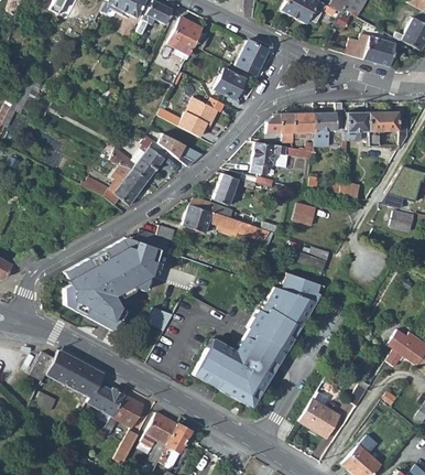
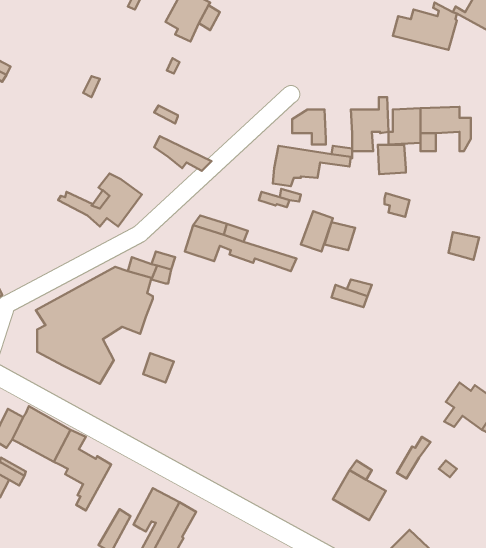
building: [235,40,266,74] -> none
building: [214,67,244,99] -> none
building: [178,97,225,137] -> none
building: [292,112,314,136] -> [378,145,406,174]
building: [110,133,168,180] -> none
building: [212,172,238,204] -> [301,211,333,251]
building: [193,273,323,406] -> none
building: [103,393,144,433] -> none

